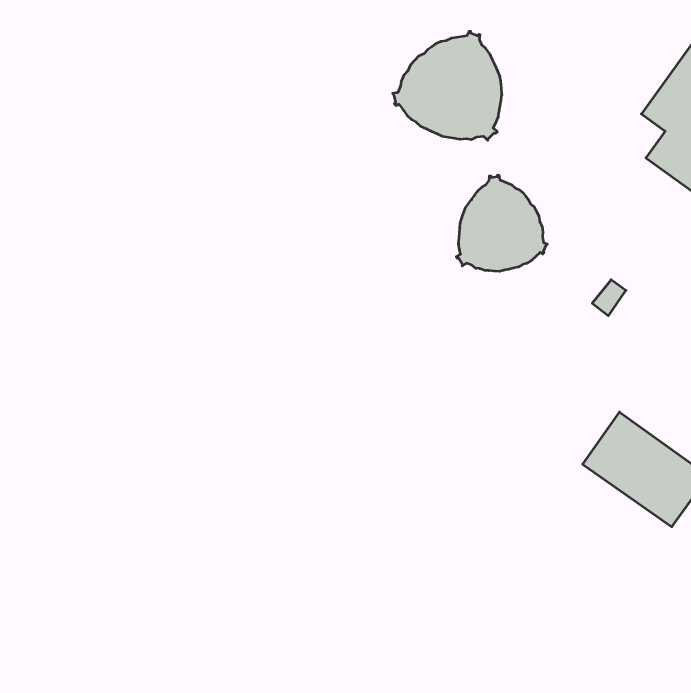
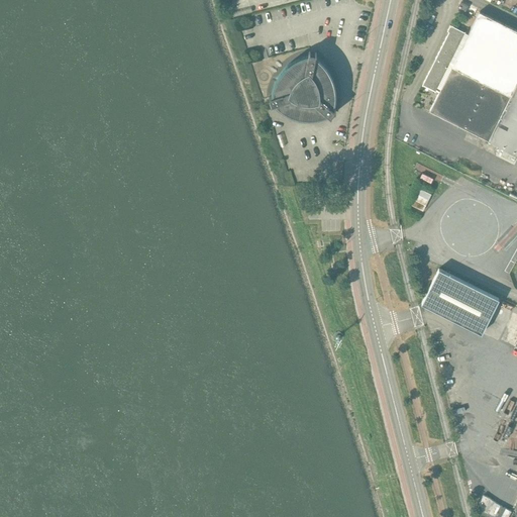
building: [456,175,547,271] -> none

